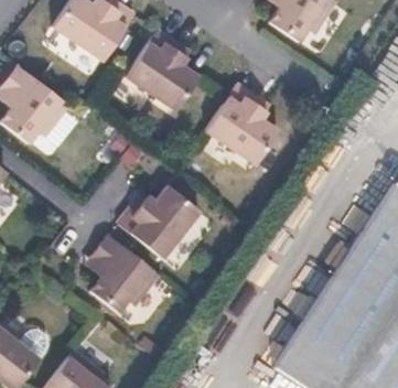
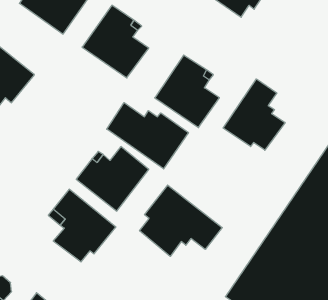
building: none -> [223,79,285,150]
building: none -> [107,103,188,169]
building: none -> [140,185,222,256]

